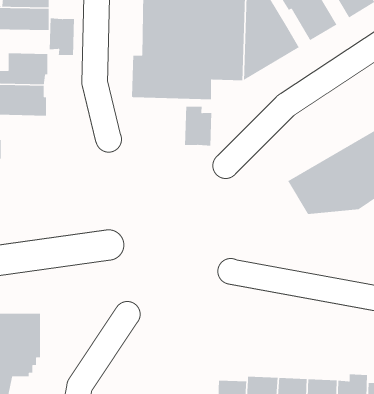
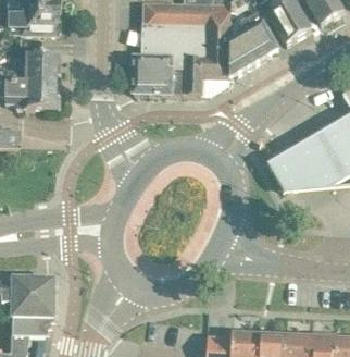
building: [49,18,75,56] -> none
building: [184,106,212,146] -> none

